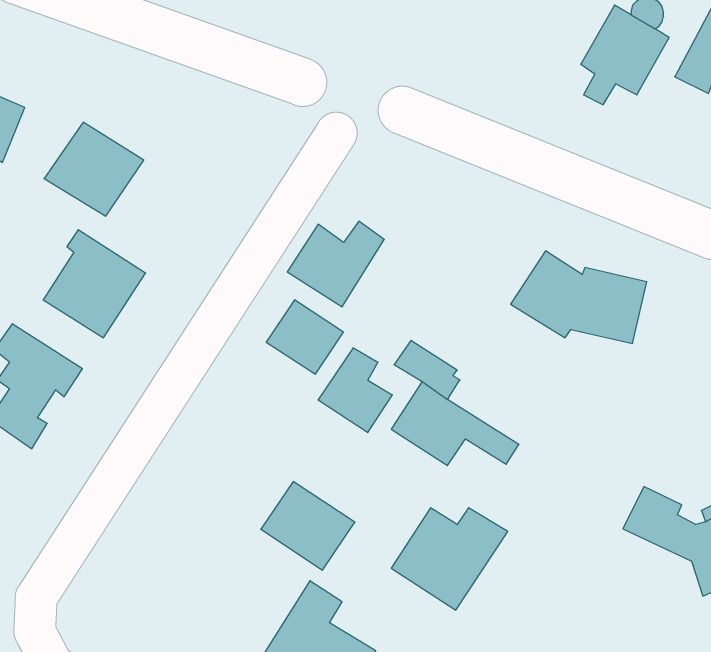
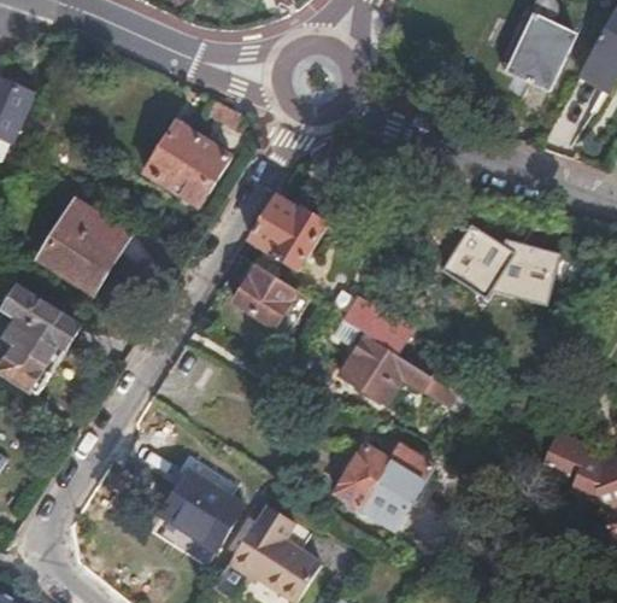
building: [44,122,144,216] -> [146,123,231,204]
building: [318,348,392,433] -> none
building: [261,482,355,570] -> [163,472,243,548]

